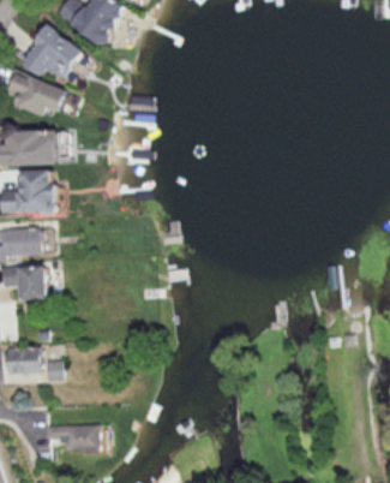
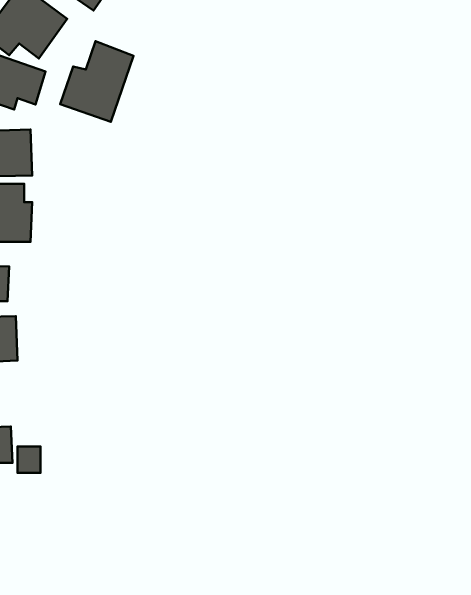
building: none -> [60,41,134,122]
building: [42,424,98,452] -> none

